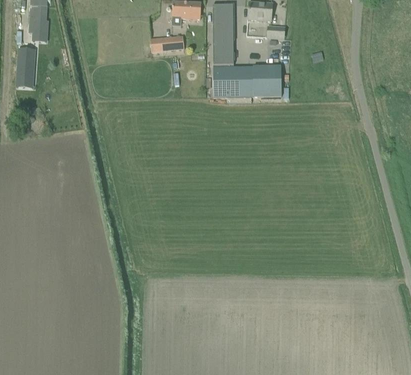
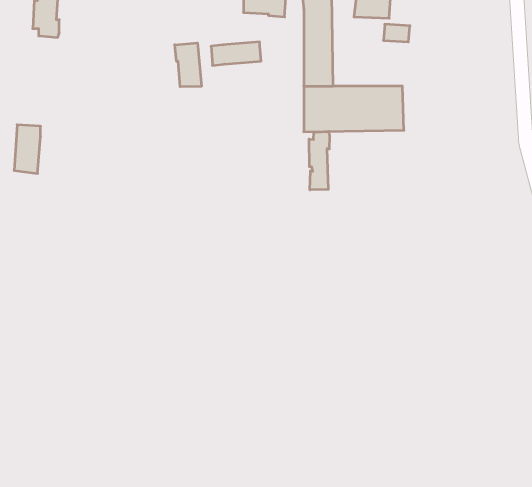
building: none -> [175,43,201,87]
building: [16,50,34,83] -> [14,125,41,173]
building: none -> [309,131,330,190]

